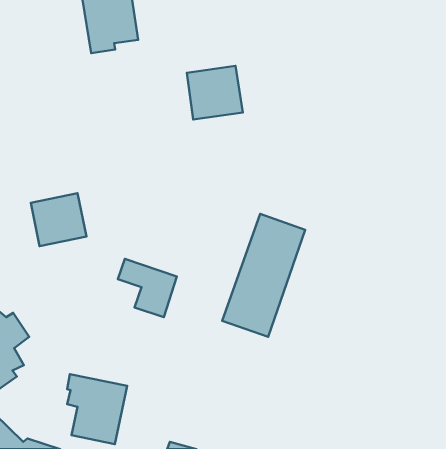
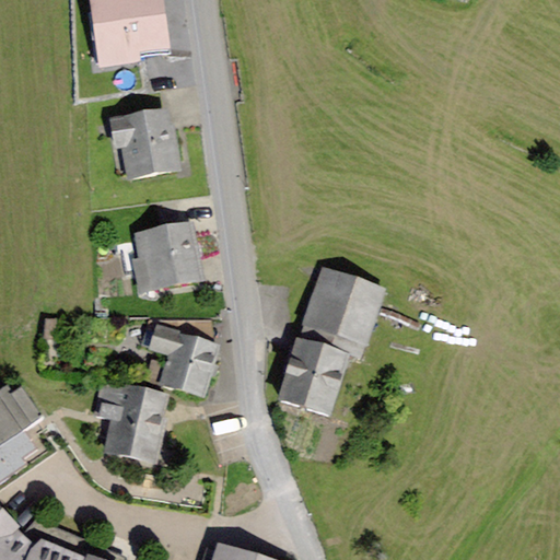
building: [187,66,243,120] -> [115,110,184,177]
building: [31,193,86,246] -> [135,223,203,289]
building: [67,374,127,444] -> [92,381,166,467]

